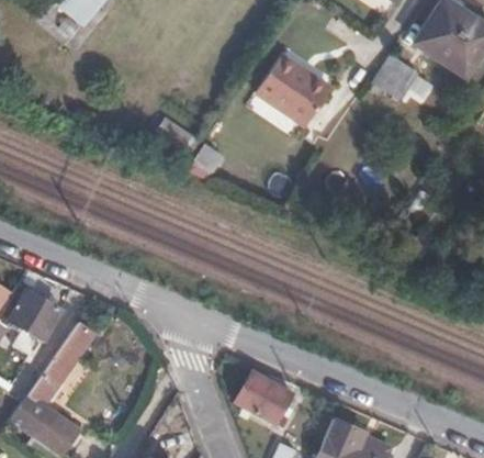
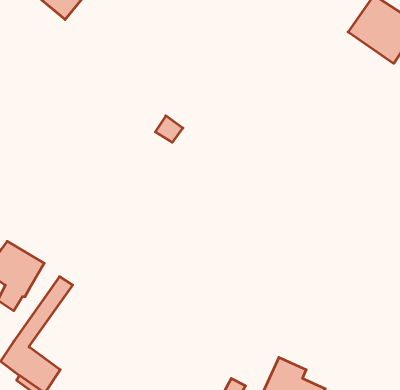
building: [256,52,331,124] -> none
building: [372,55,417,101] -> none
building: [235,372,291,427] -> none

